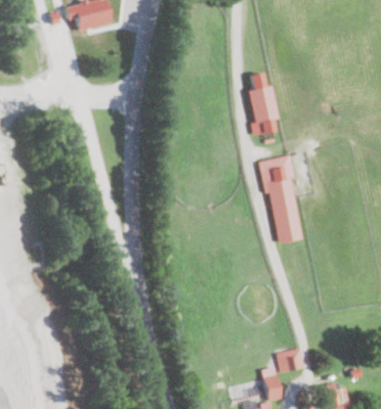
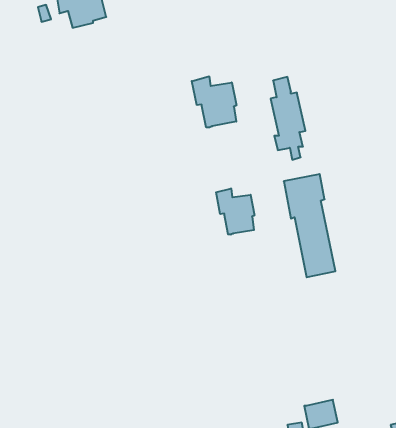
building: none -> [192,76,236,127]
building: none -> [216,188,254,235]

